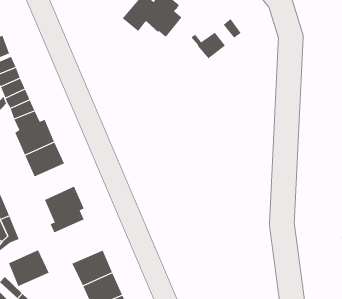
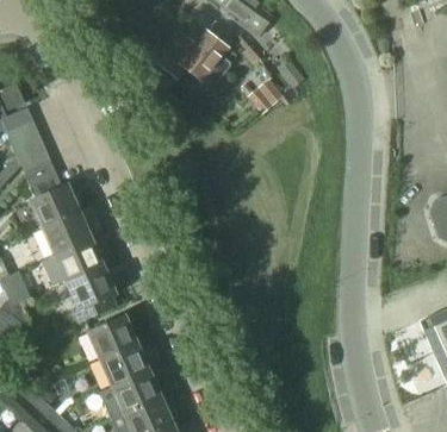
building: none -> [52,239,101,283]
building: [8,249,49,287] -> [86,315,136,361]

